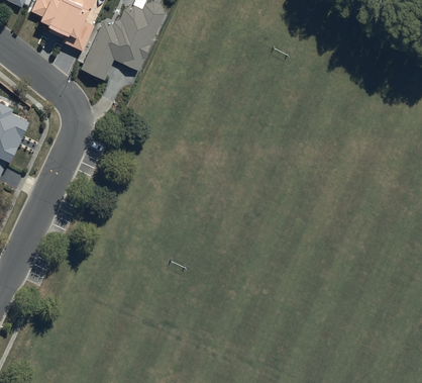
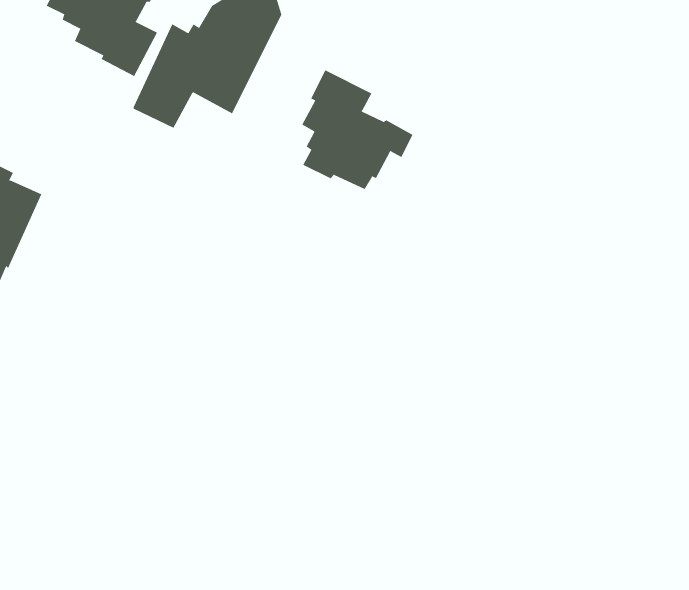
building: none -> [302,70,413,190]

